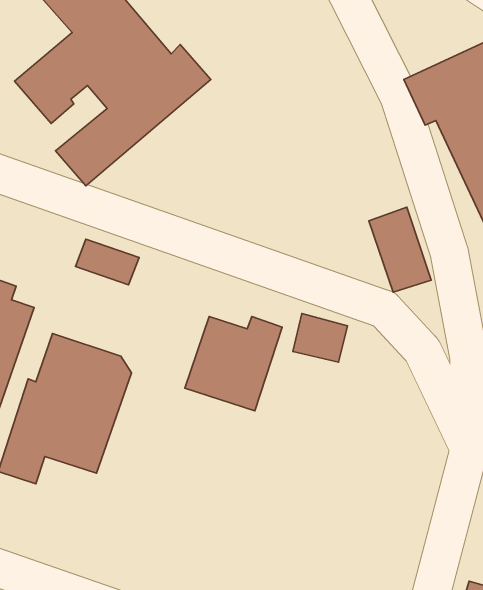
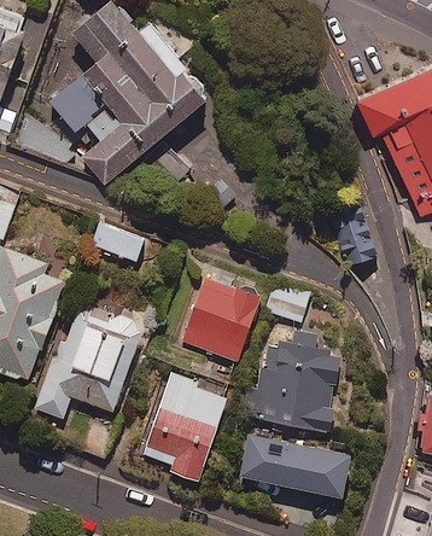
building: none -> [245,331,341,432]
building: none -> [144,373,226,483]
building: none -> [240,433,349,497]

